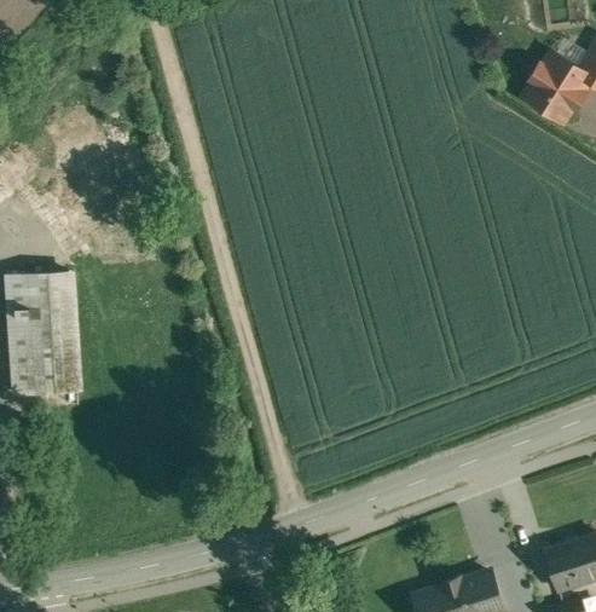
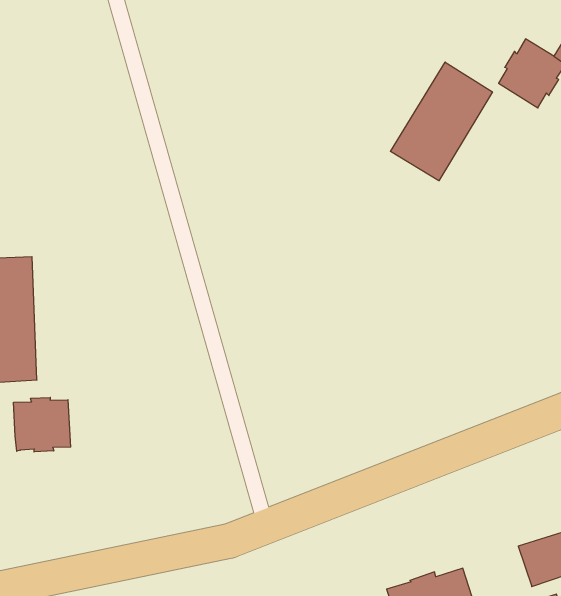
building: none -> [390,62,492,181]
building: none -> [14,397,71,452]

